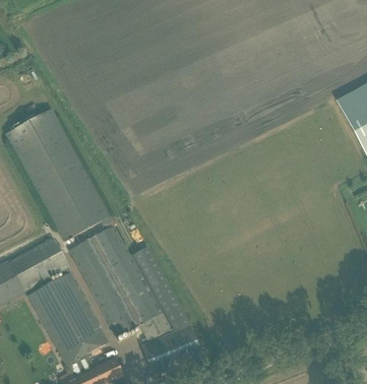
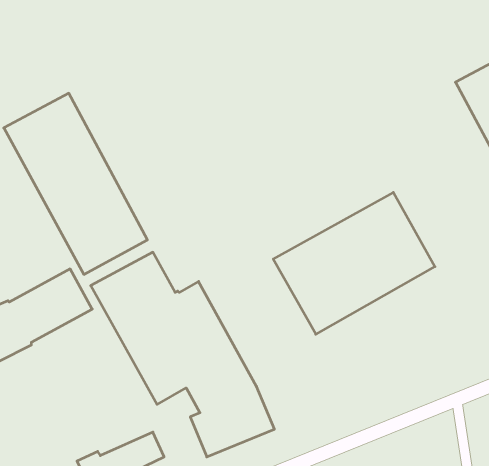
building: none -> [273,192,435,334]
building: [27,272,108,365] -> none

